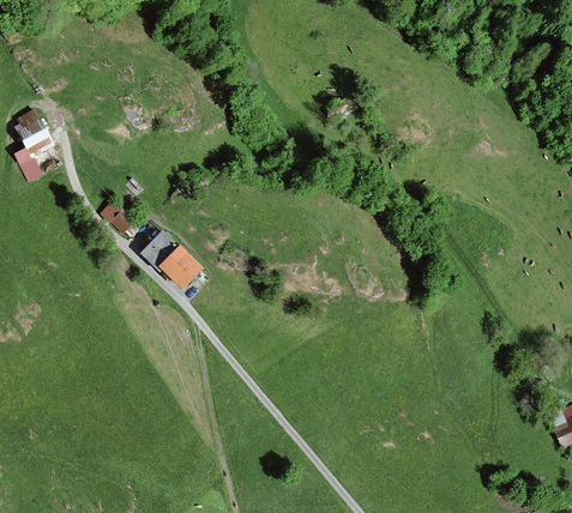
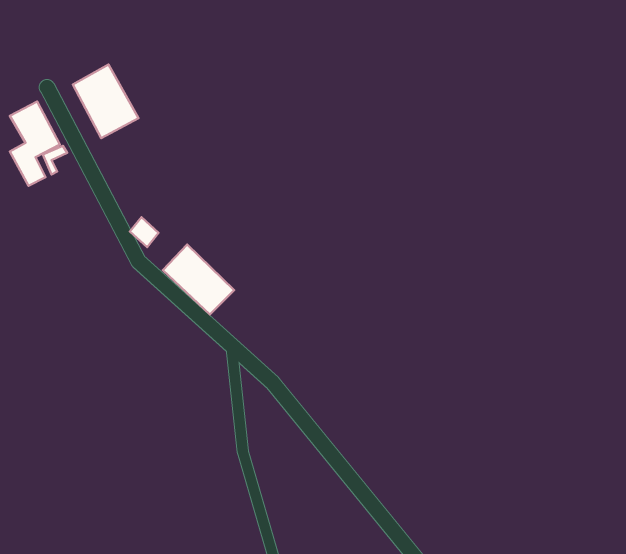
building: none -> [73,64,138,138]

